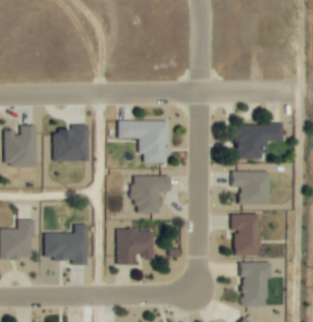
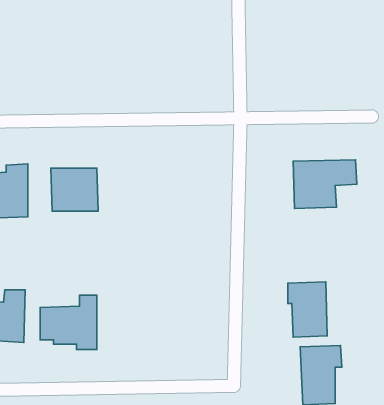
building: [118,120,169,163] -> none
building: [232,171,270,206] -> none
building: [133,175,172,214] -> none
building: [117,227,154,265] -> none

